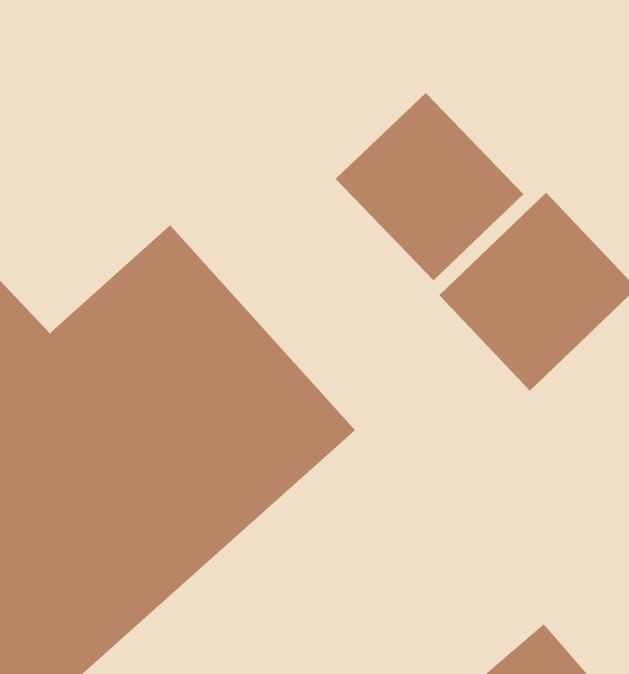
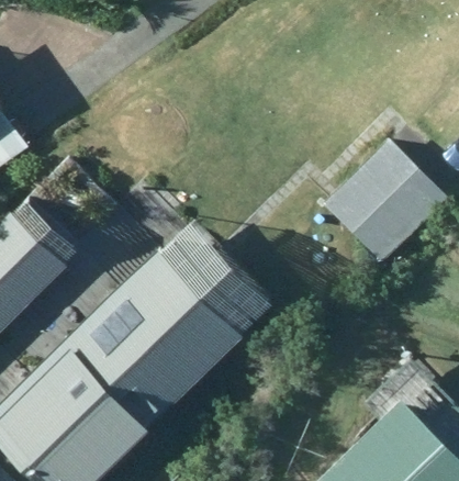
building: [335,92,524,281] -> none

